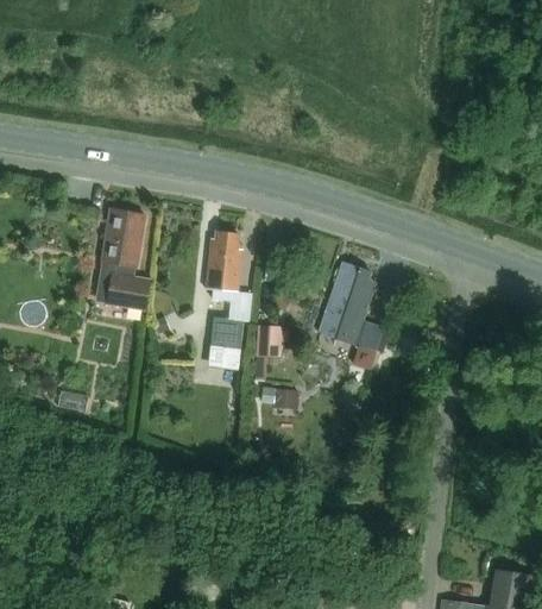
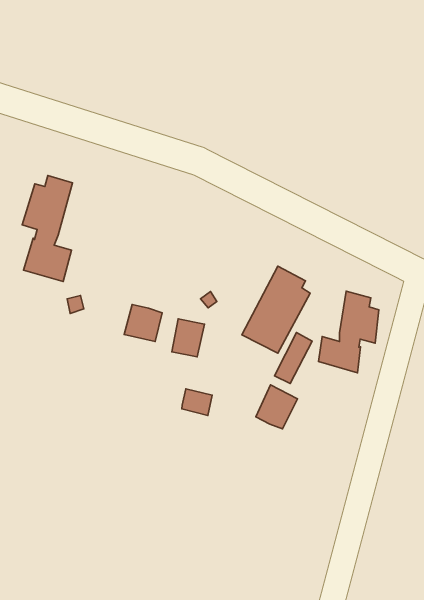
building: [207,232,241,291] -> none
building: none -> [318,291,379,373]
building: none -> [256,385,298,429]

